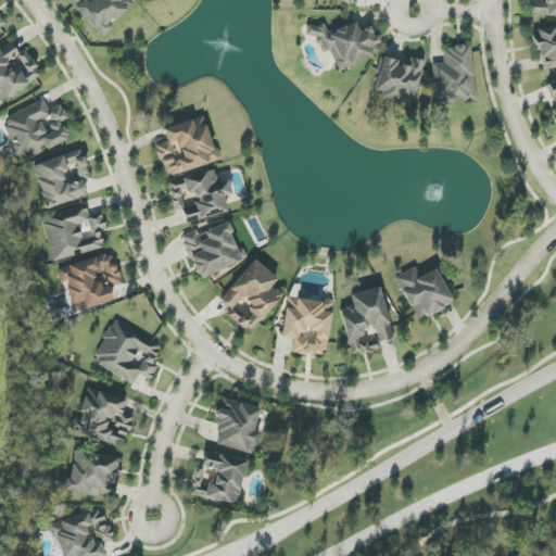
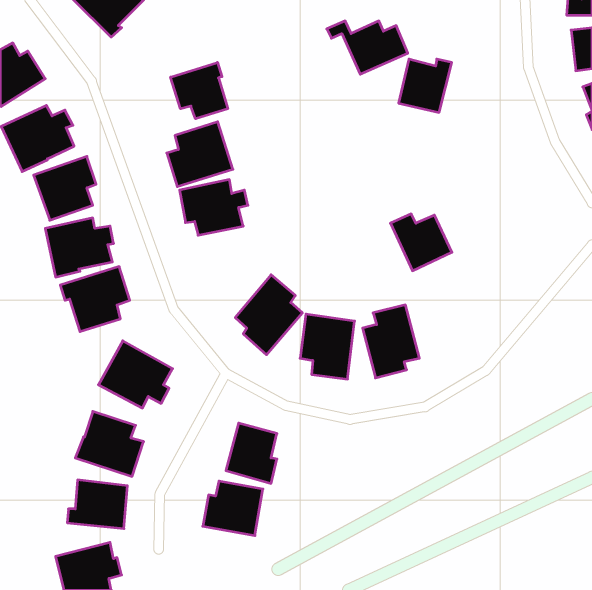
building: [432,43,475,101] -> none
building: none -> [171,62,228,119]
building: [180,220,248,277] -> none
building: [395,266,453,319] -> [390,214,452,271]

